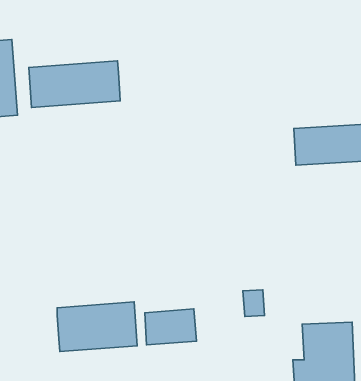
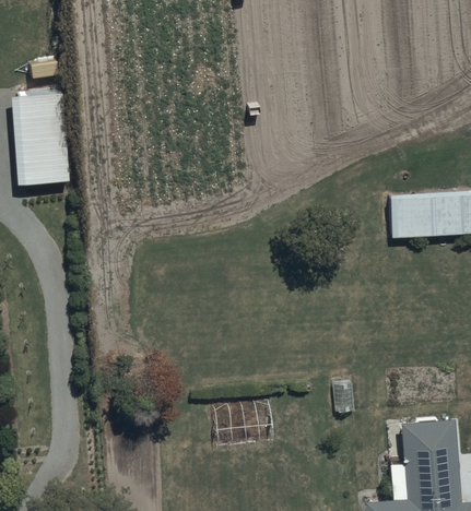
building: [29,61,120,108] -> none
building: [57,302,137,352] -> none

